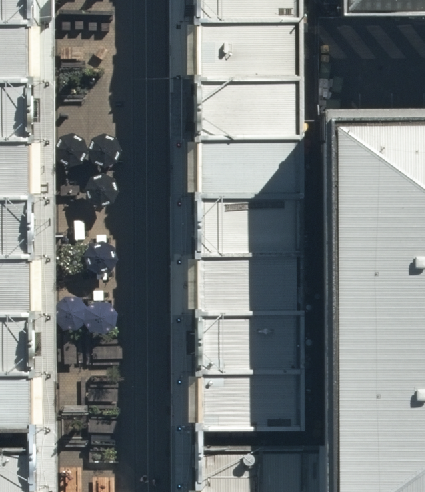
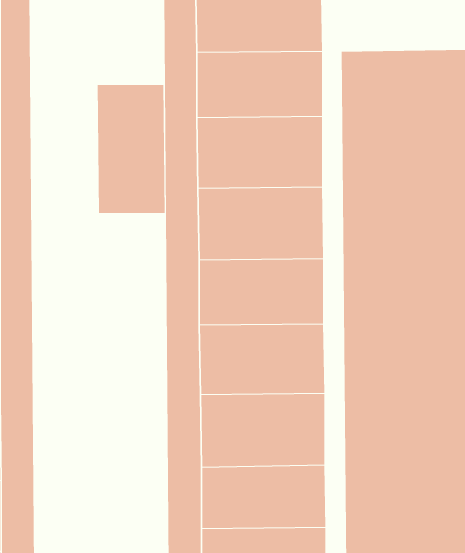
building: none -> [97,84,165,214]

